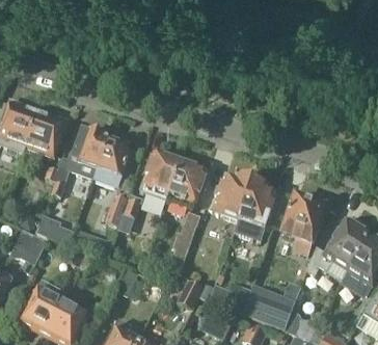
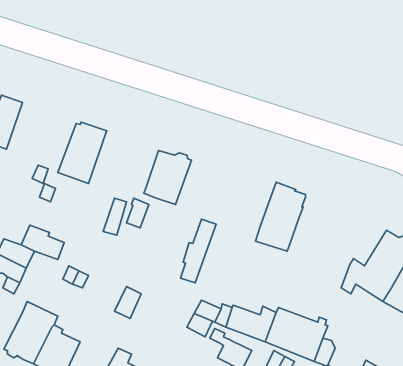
building: [22,111,63,160] -> none
building: [92,137,130,187] -> none
building: [166,159,208,207] -> none
building: [212,171,251,216] -> none
building: [281,191,324,253] -> none

